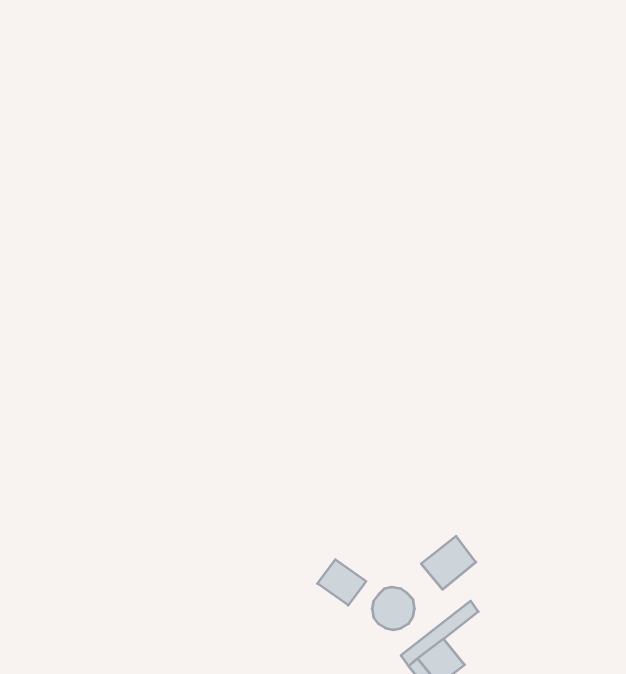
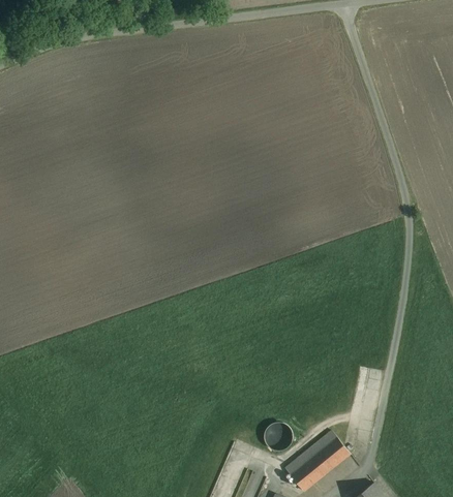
building: [421,536,476,589] -> [312,438,350,474]
building: [317,560,366,605] -> none

